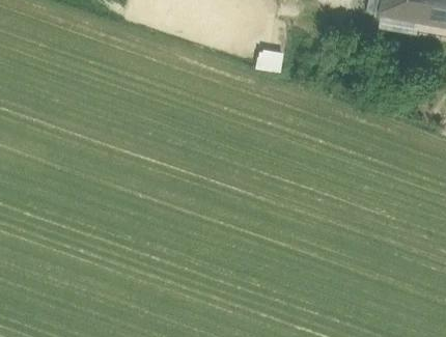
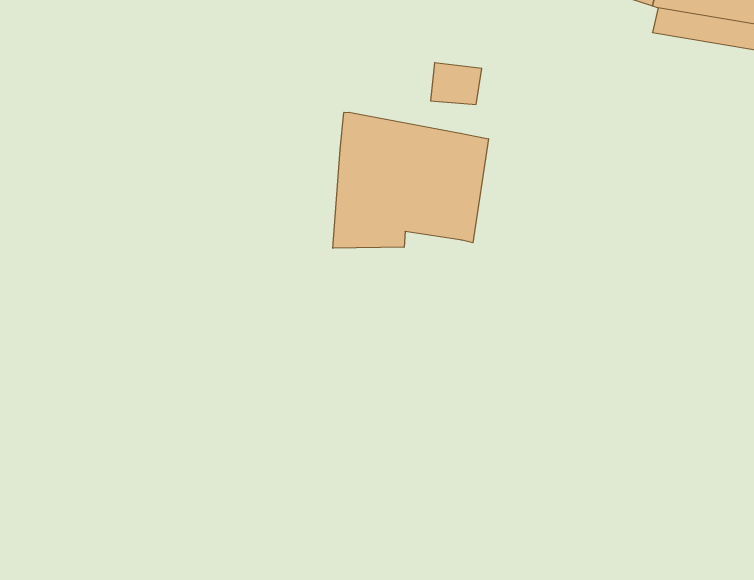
building: none -> [333,112,488,248]

